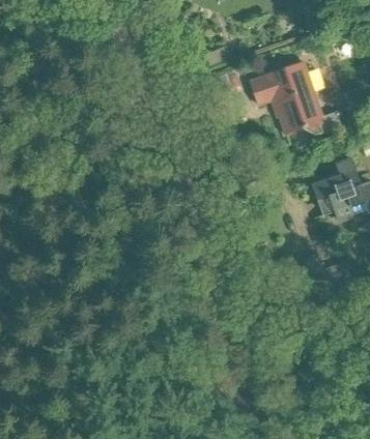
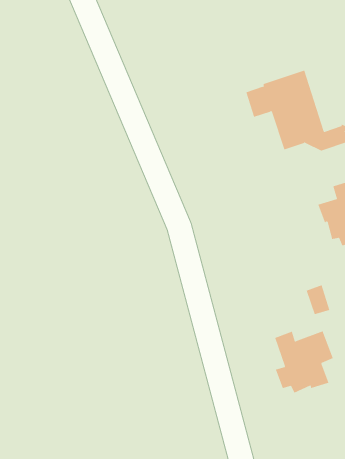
building: none -> [275,331,334,393]

